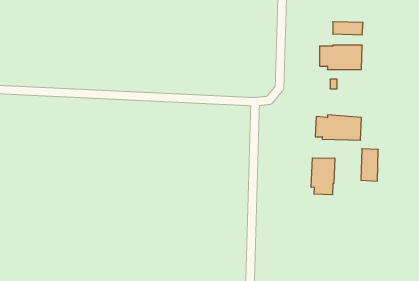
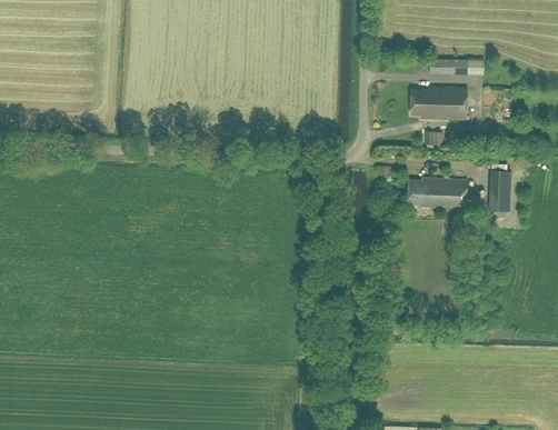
building: [361,149,378,181] -> [489,170,511,211]
building: [311,158,335,195] -> none

